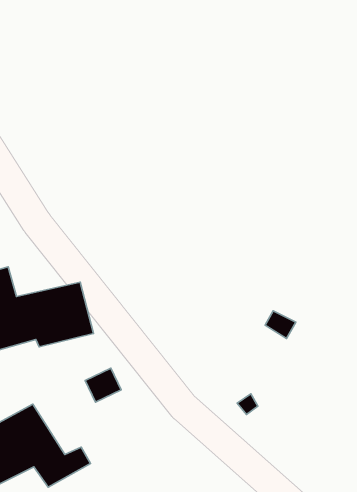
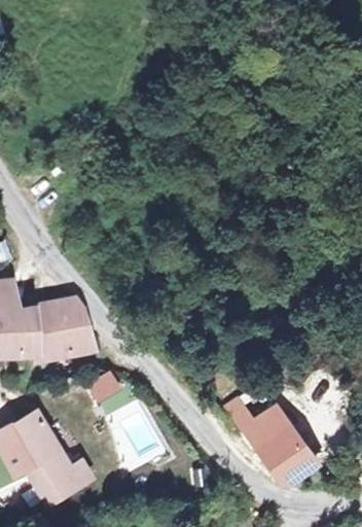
building: none -> [247,411,322,497]

